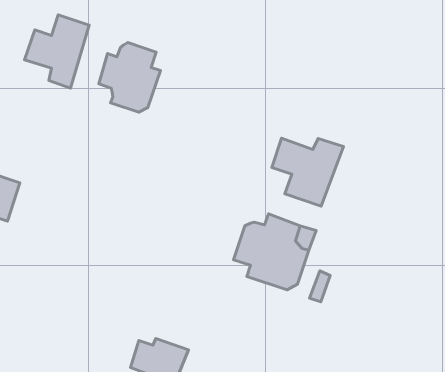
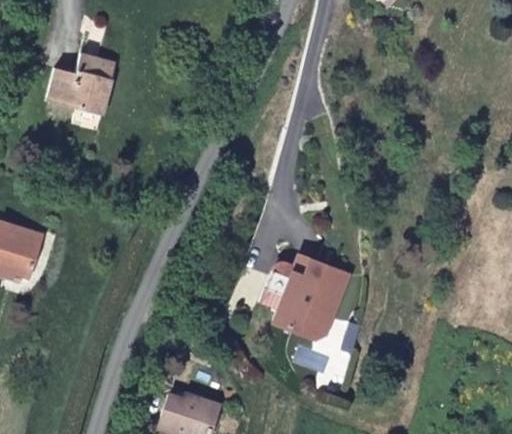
building: [99,43,161,112] -> none
building: [272,138,344,206] -> none

